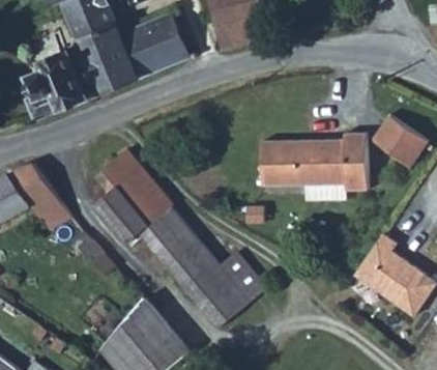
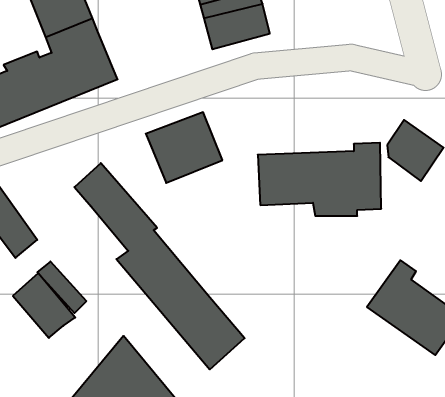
building: [121,15,187,76] -> [146,112,222,183]
building: [94,186,148,241] -> [13,273,75,338]
building: [218,251,263,300] -> none

